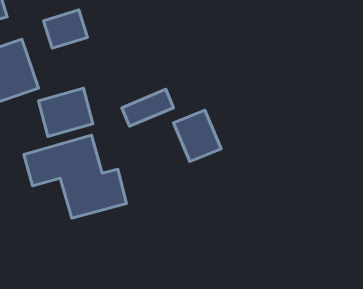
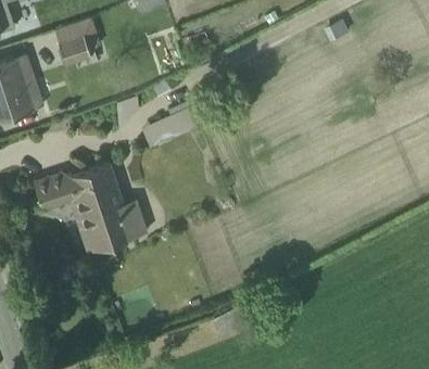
building: [38,88,93,136] -> none
building: [173,110,221,162] -> none

